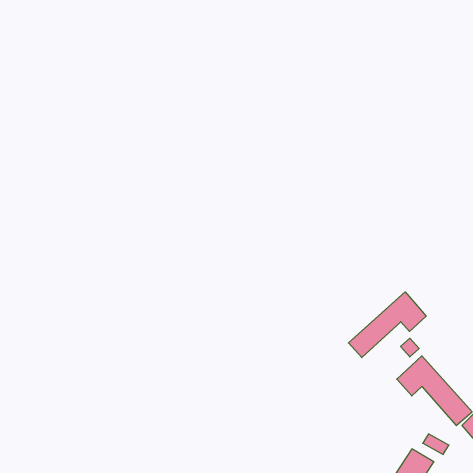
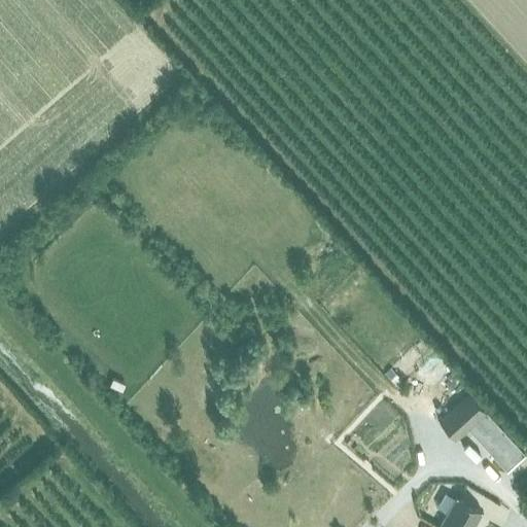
building: [348,292,426,358] -> none

